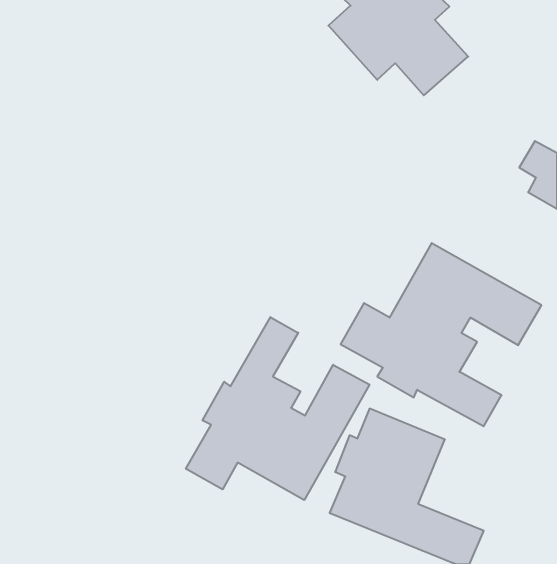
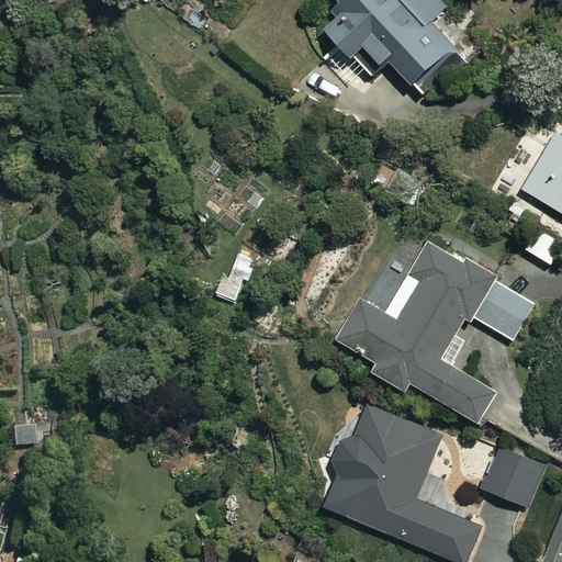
building: [186,317,369,500] -> none
building: none -> [480,445,541,506]

